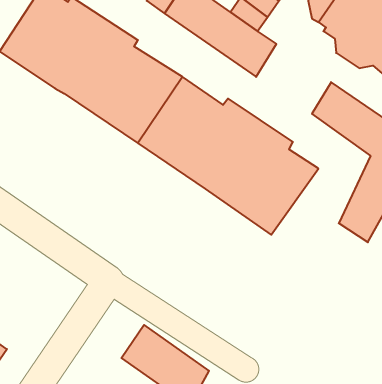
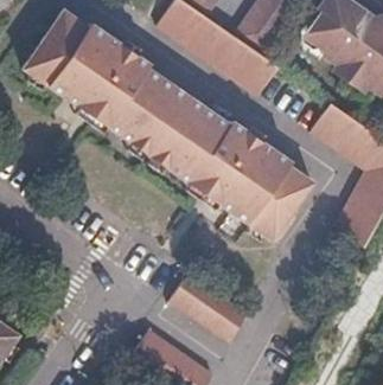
building: none -> [171,271,254,339]

